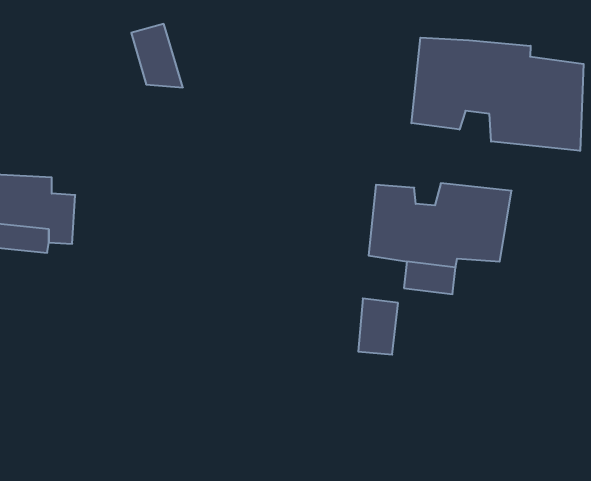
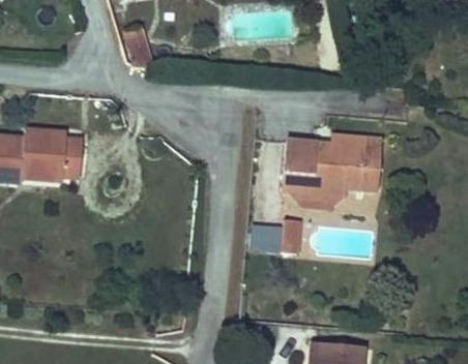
building: [411,38,584,151] -> none

